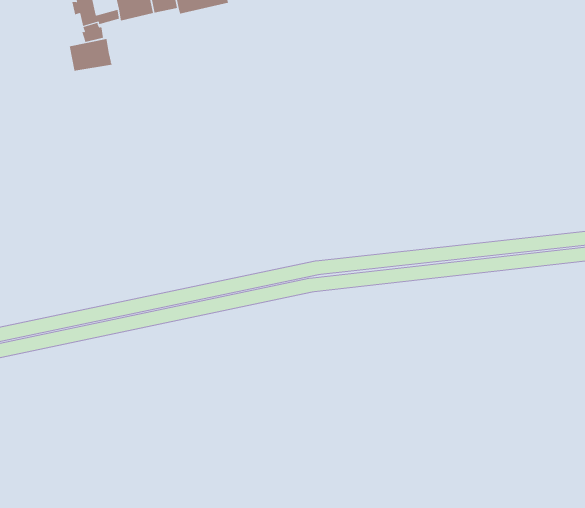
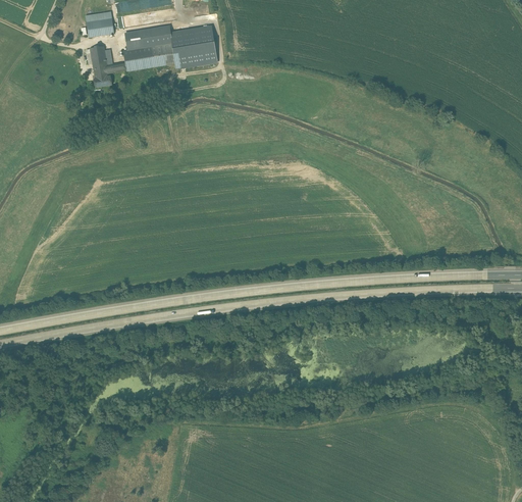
building: [69,38,112,71] -> none

